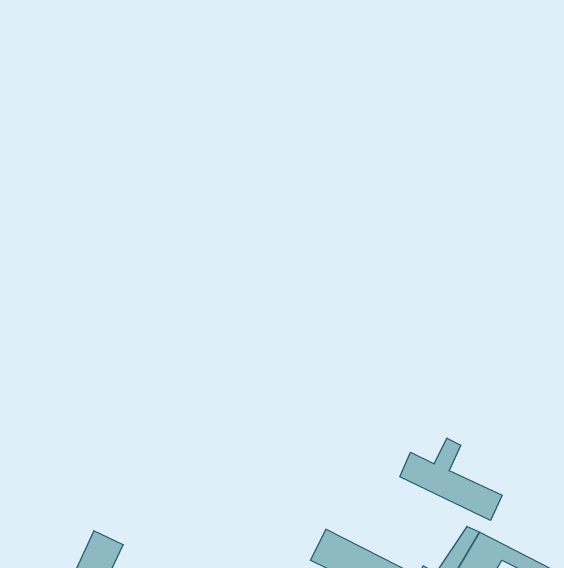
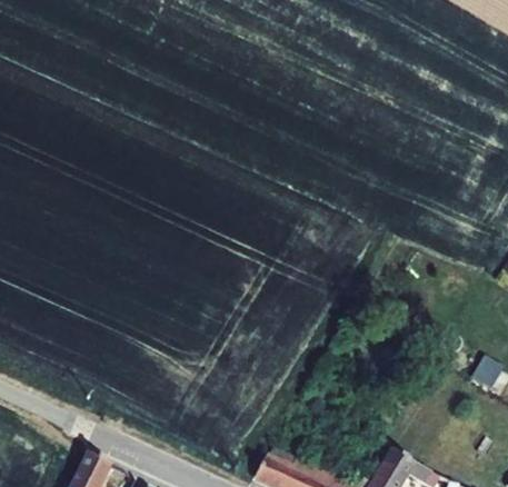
building: [400,438,502,520] -> none

